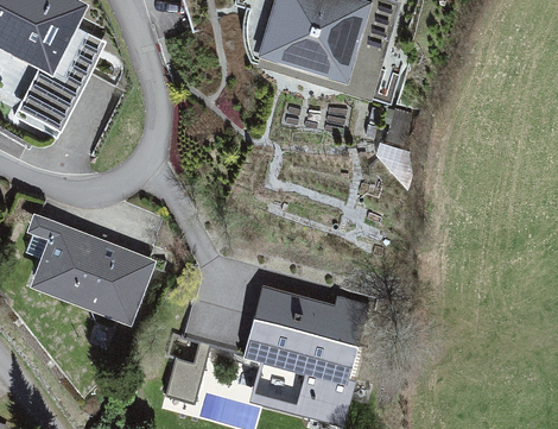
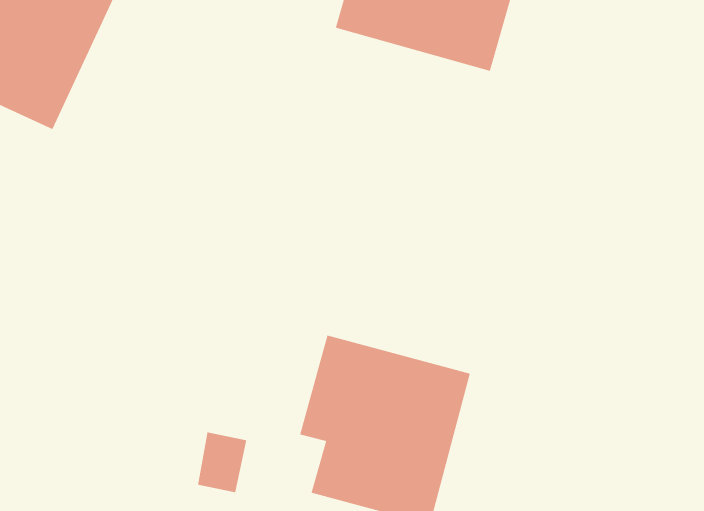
building: [34,227,150,318] -> none

